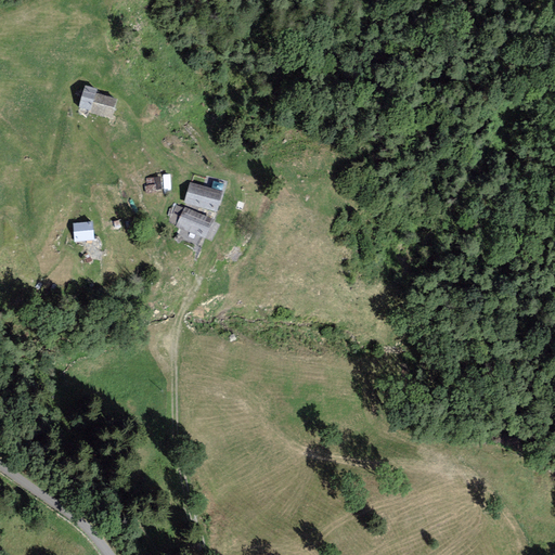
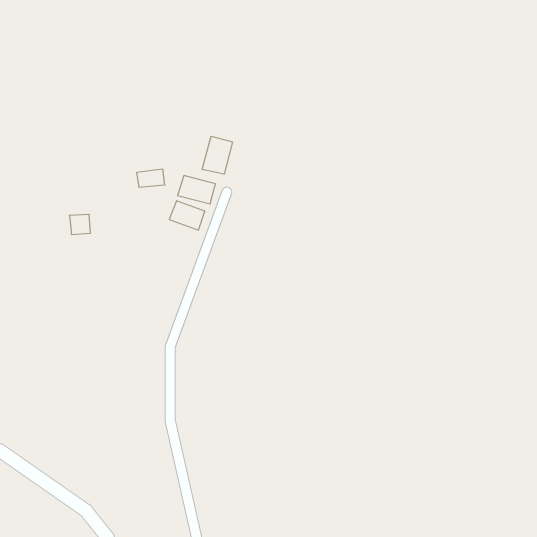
building: [79,91,118,121] -> none
building: none -> [202,136,232,174]

